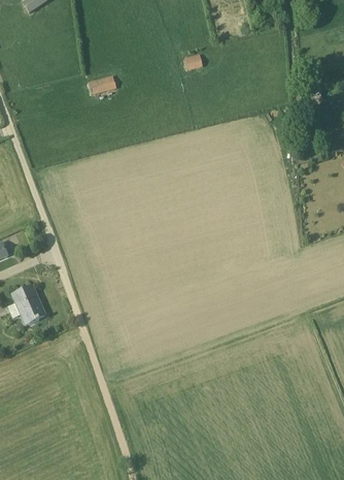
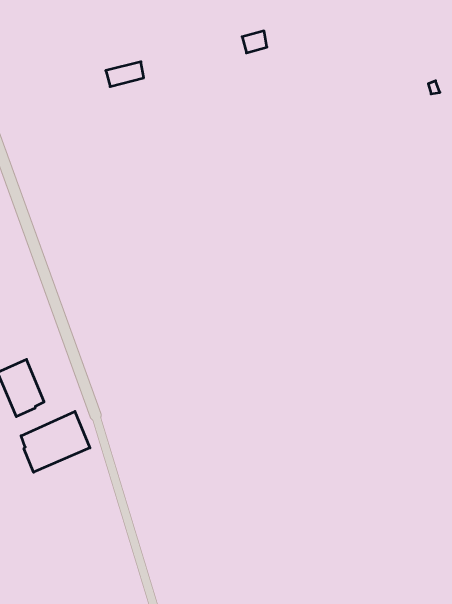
building: none -> [21,411,90,472]

